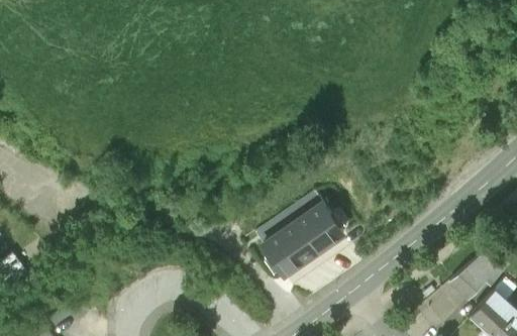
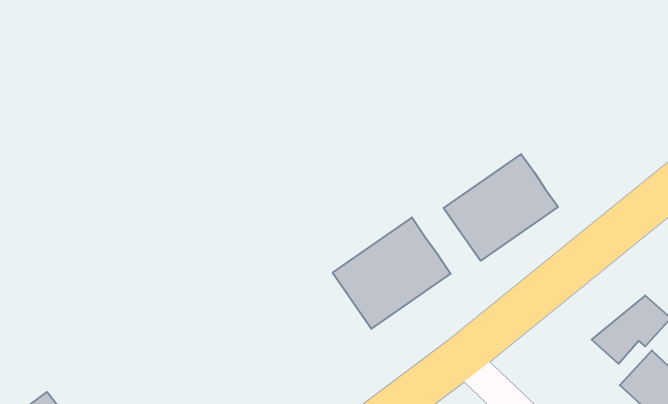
building: none -> [444,154,558,261]

